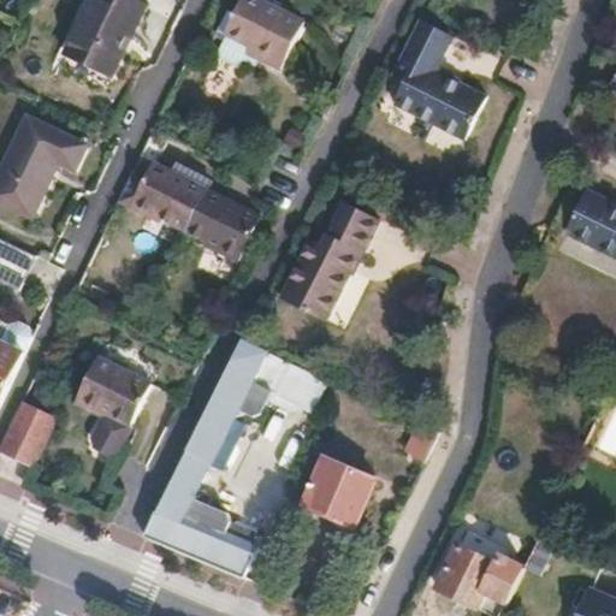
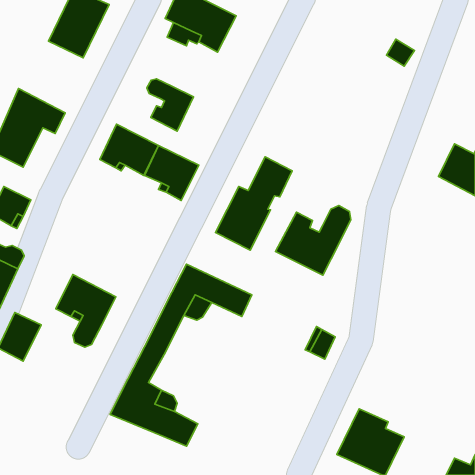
building: [393,16,487,135] -> none
building: none -> [147,79,193,131]
building: none -> [275,206,351,275]
building: [304,457,374,526] -> none

